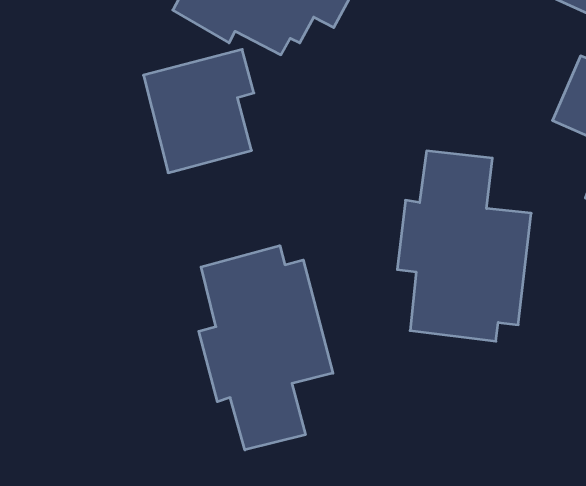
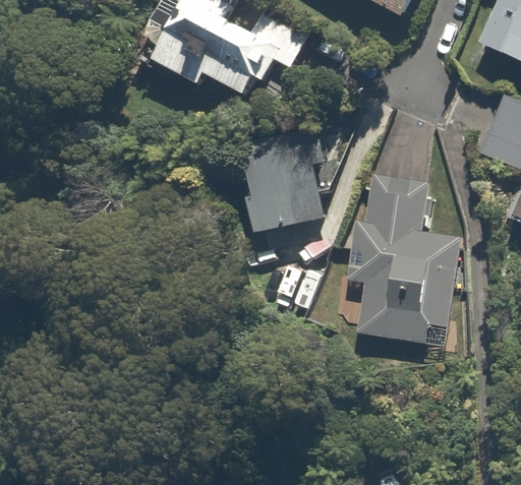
building: [143,49,254,173] -> [233,126,329,233]
building: [199,246,333,450] -> none

